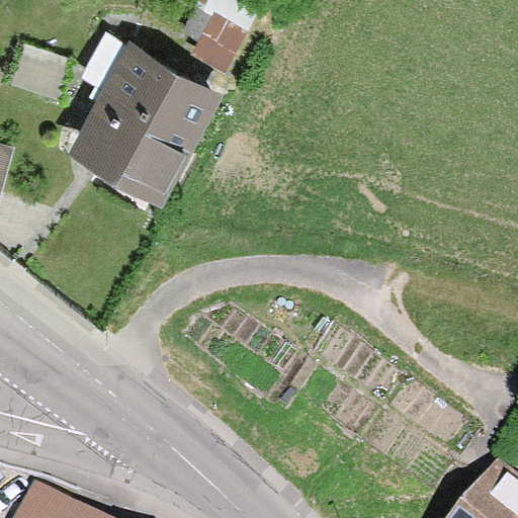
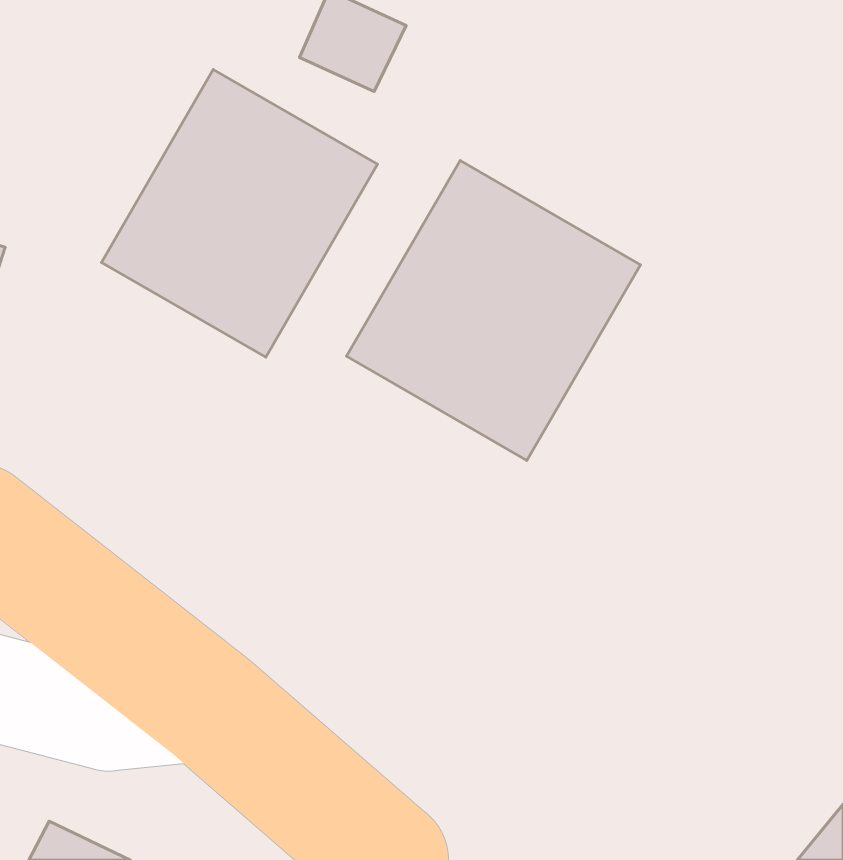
building: none -> [346,160,640,461]

